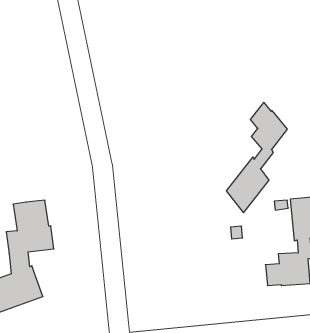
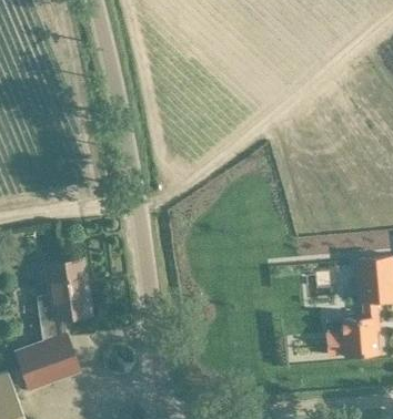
building: [226,102,287,213] -> none

